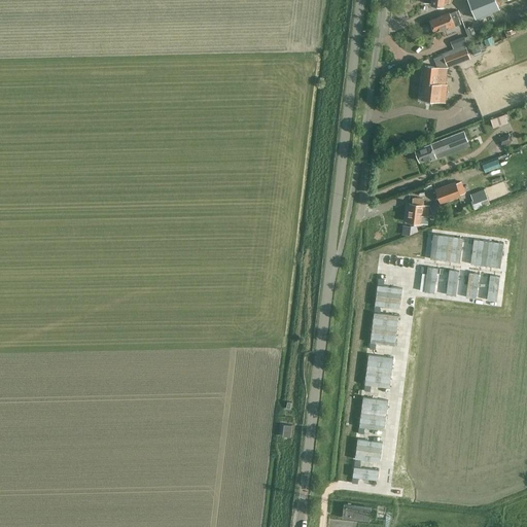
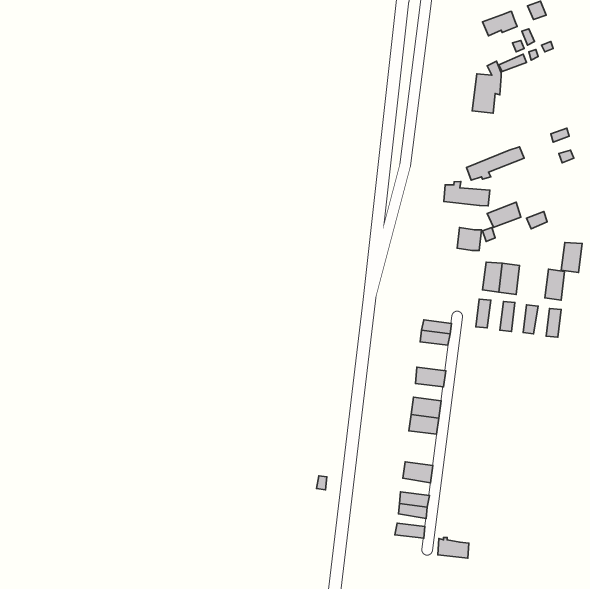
building: none -> [444,181,490,206]
building: [470,240,489,267] -> [561,242,582,272]
building: [372,313,398,331] -> none
building: [361,397,388,416] -> none
building: [342,503,370,522] -> [438,537,469,558]

